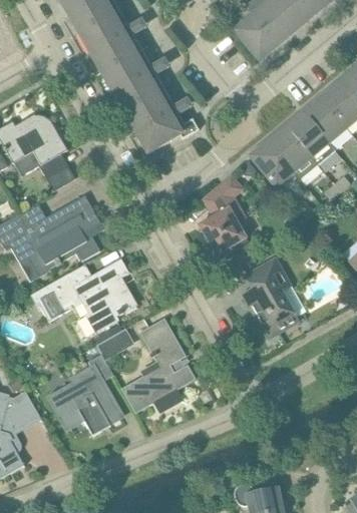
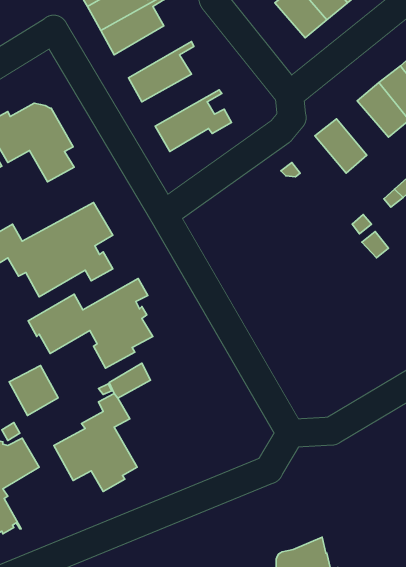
building: [101,49,165,92] -> none
building: [124,89,189,132] -> none
building: [286,111,335,164] -> none
building: [250,140,294,186] -> none
building: [199,175,253,263] -> none
building: [243,259,298,338] -> none
building: [121,318,196,413] -> none
building: none -> [9,366,58,415]

